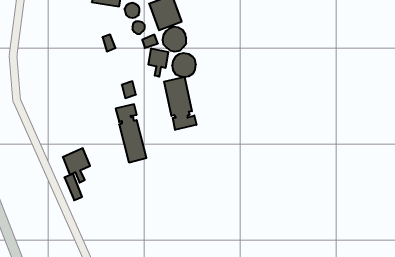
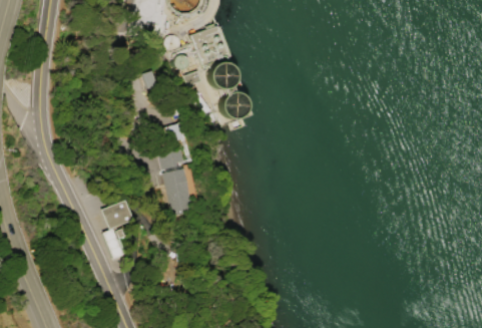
building: [149,48,168,77] -> none
building: [164,77,196,130] -> none

